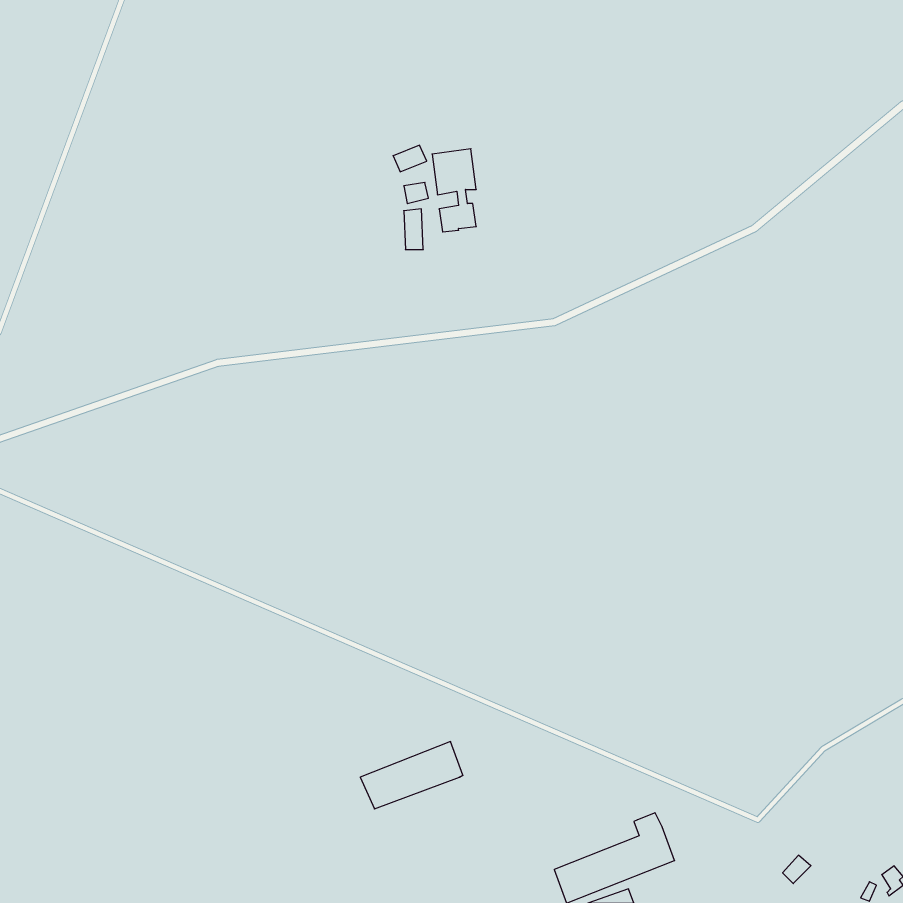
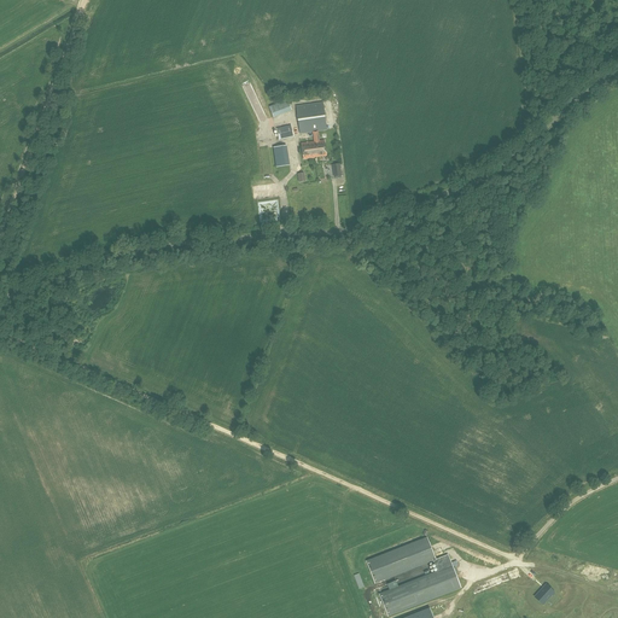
building: [360,742,463,809] -> [365,536,435,582]

